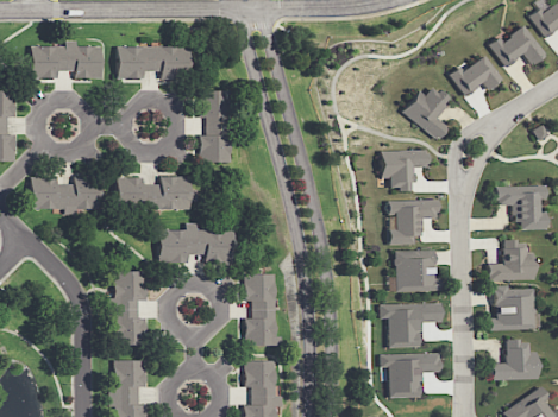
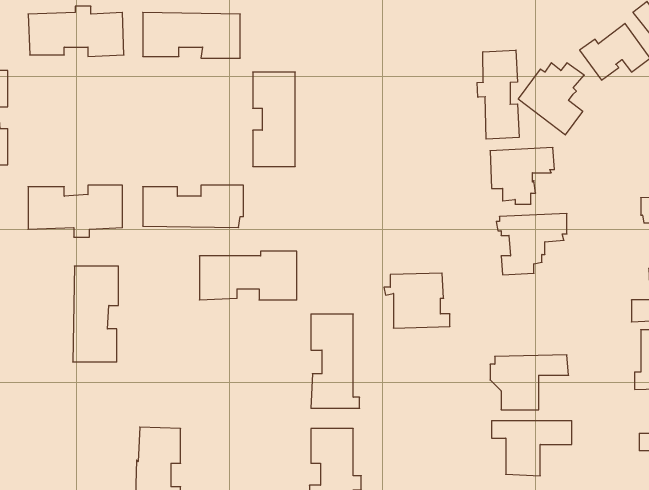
building: none -> [477,50,519,139]
building: [390,249,440,291] -> [384,273,450,328]
building: [113,271,148,343] -> [73,266,118,362]

